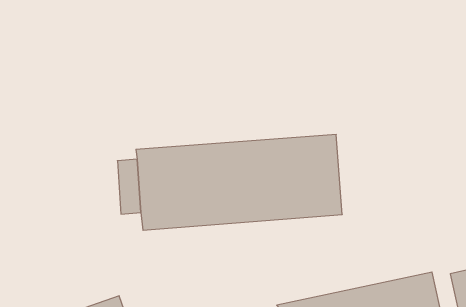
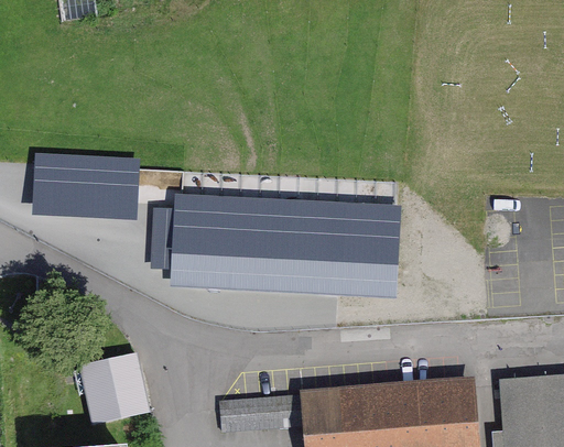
building: none -> [29,152,135,219]

